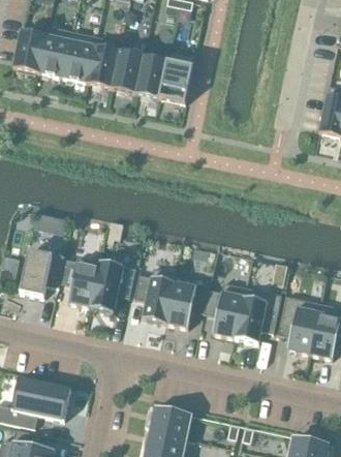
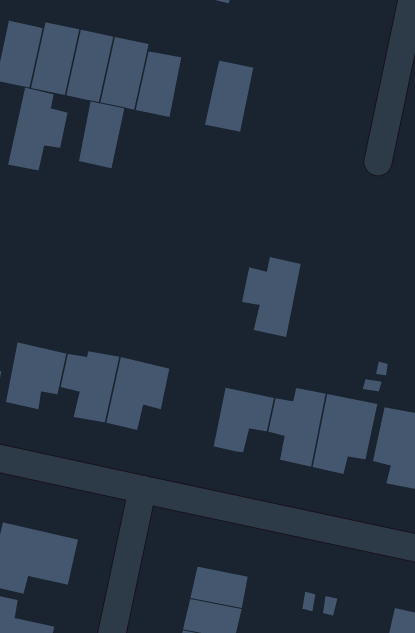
building: [135,52,168,99] -> [78,101,125,169]
building: none -> [8,87,68,171]
building: [133,268,176,325] -> [241,256,301,338]

